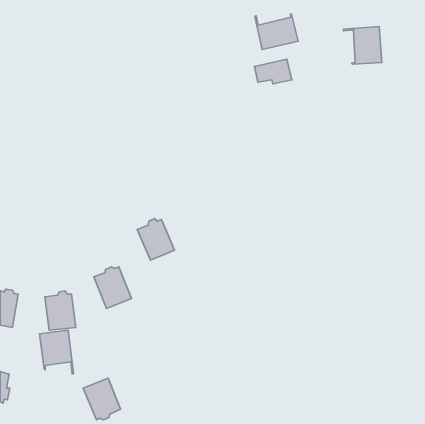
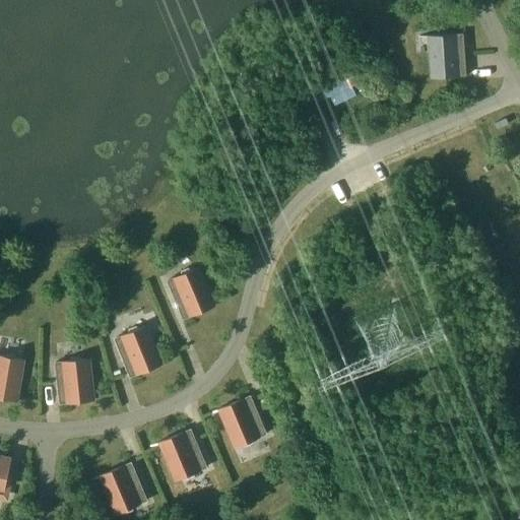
building: [255,14,298,49] -> none
building: none -> [220,397,266,448]
building: [40,330,74,374] -> none
building: none -> [161,430,207,481]

